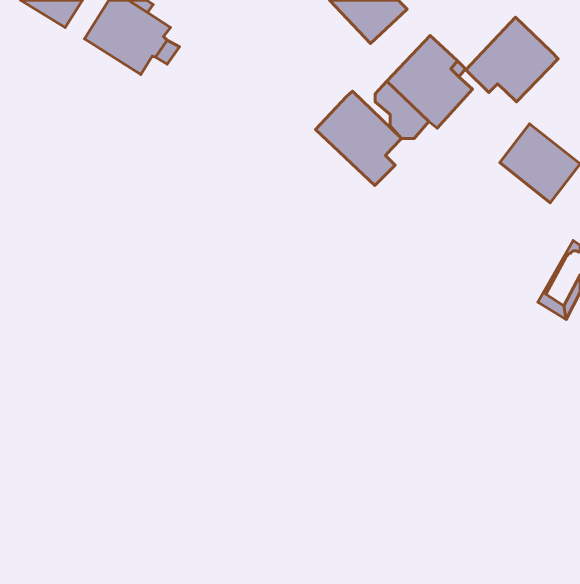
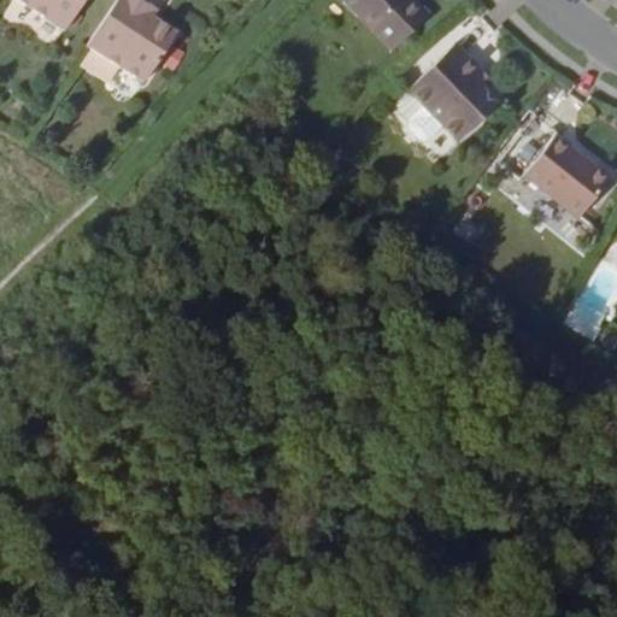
building: [466,17,558,102] -> none
building: [315,91,402,186] -> none

